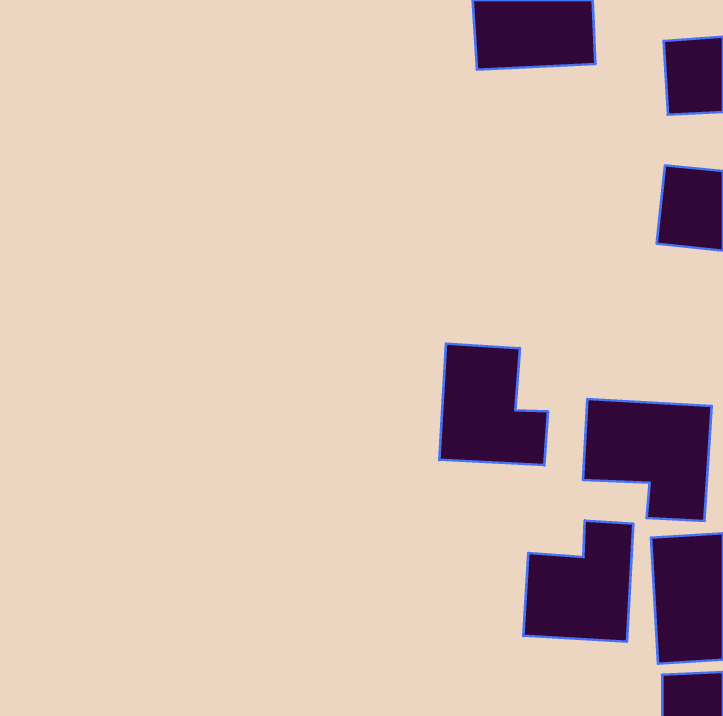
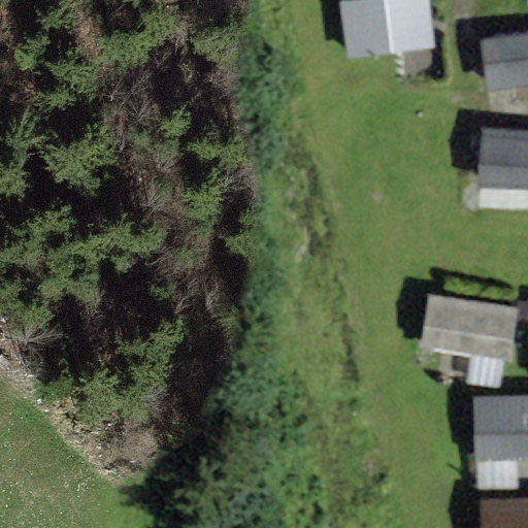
building: [439,344,548,465] -> none
building: [523,520,633,642] -> none

